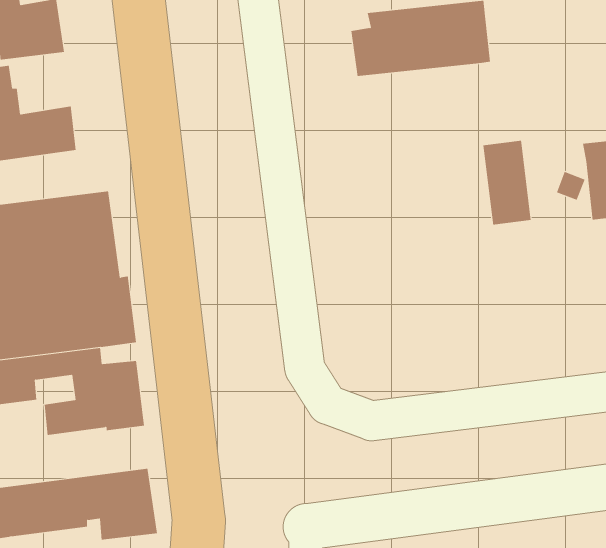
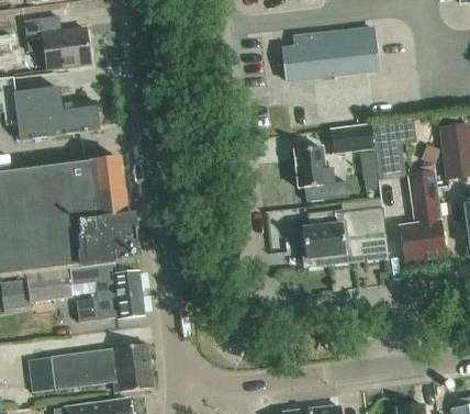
building: none -> [331,123,372,152]
building: none -> [293,146,348,200]
building: none -> [399,170,446,261]
building: none -> [302,206,388,267]

